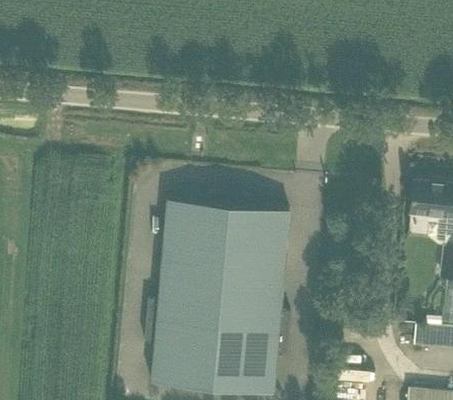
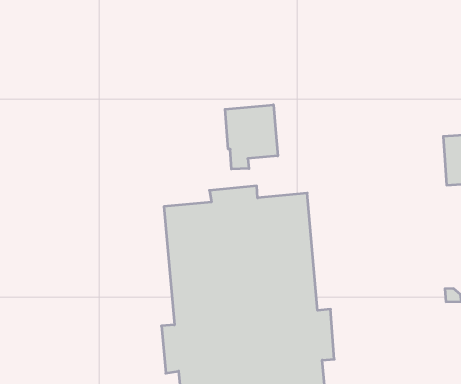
building: none -> [225,105,278,169]

